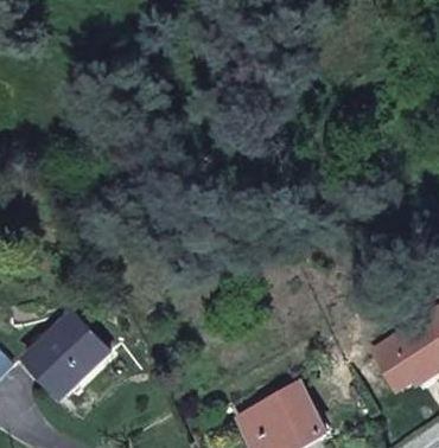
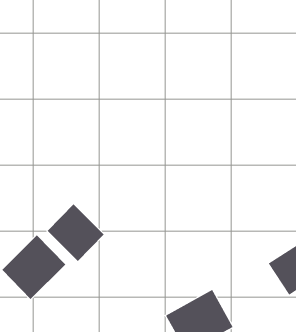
building: none -> [47,204,104,262]

